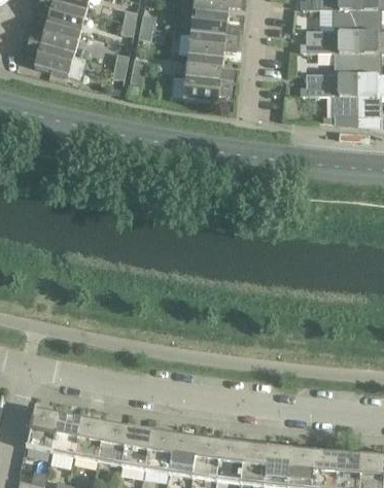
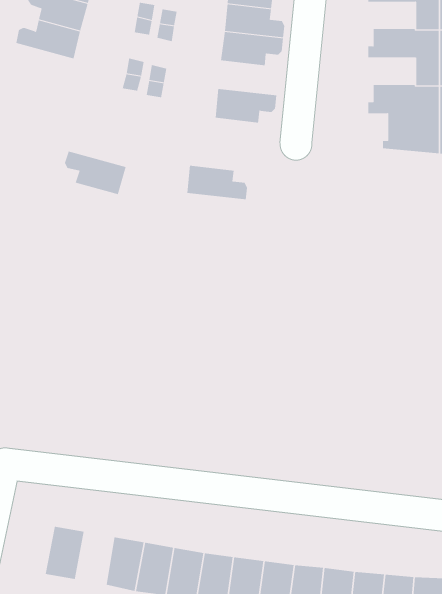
building: [25,41,73,75] -> [64,151,127,195]
building: [184,55,232,81] -> [187,165,248,200]
building: [25,409,58,452] -> none
building: [74,419,104,460] -> none

